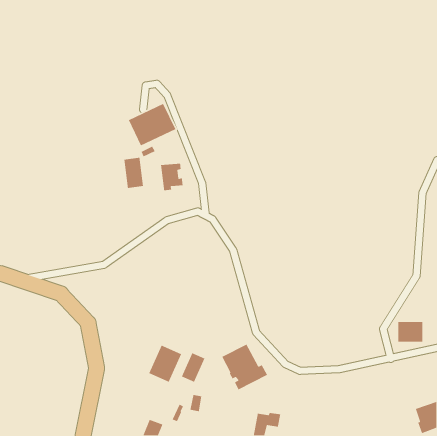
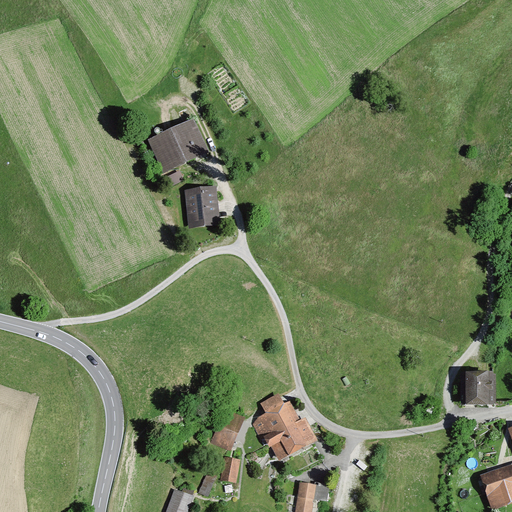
building: [124,157,144,189] -> none
building: [148,344,182,383] -> none

